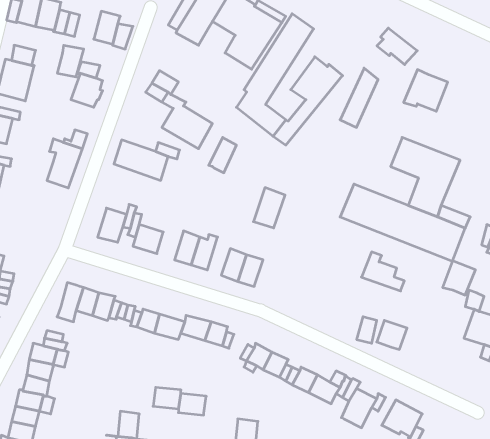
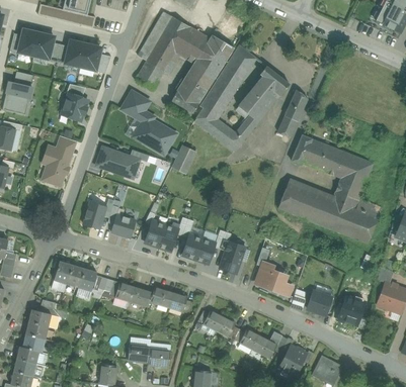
building: [377,28,417,65] -> [257,66,290,95]
building: none -> [136,61,164,89]
building: [57,45,84,77] -> [65,40,86,66]
building: none -> [172,77,207,112]
building: [404,70,448,111] -> [292,134,327,168]
building: [253,188,285,228] -> [220,240,245,273]
building: [361,252,404,291] -> [256,263,291,294]
building: [443,261,475,295] -> [338,296,364,323]

